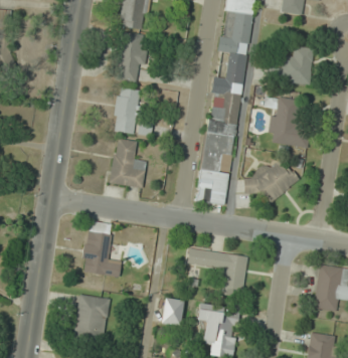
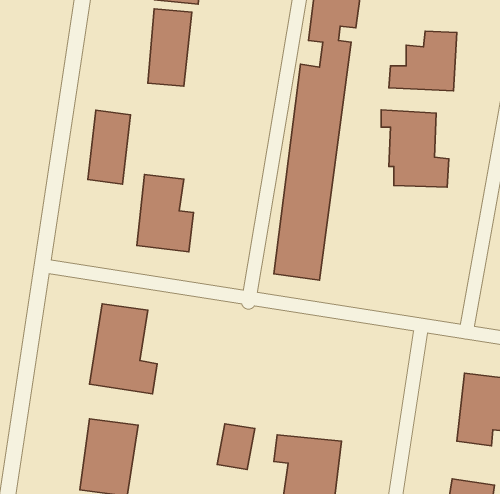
building: [112,86,139,134] -> [88,110,130,184]
building: [241,155,299,205] -> none
building: [186,247,247,298] -> none

